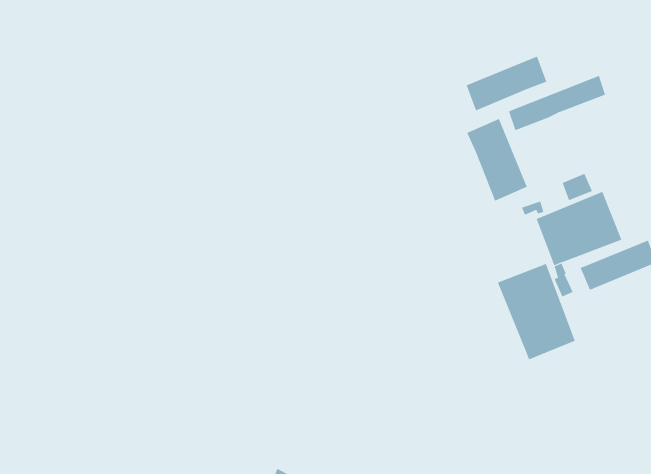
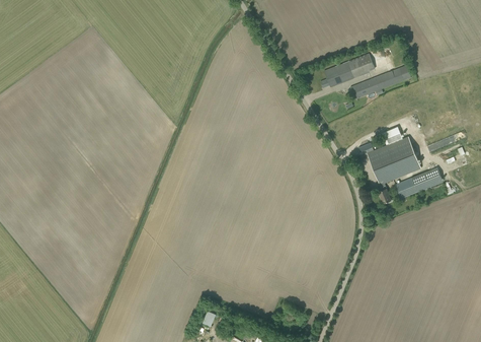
building: [467,118,527,201] -> none
building: [497,263,576,360] -> none

